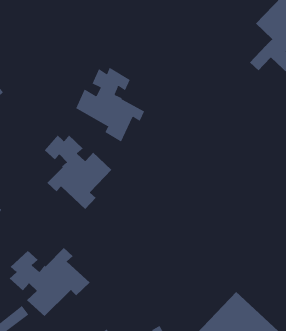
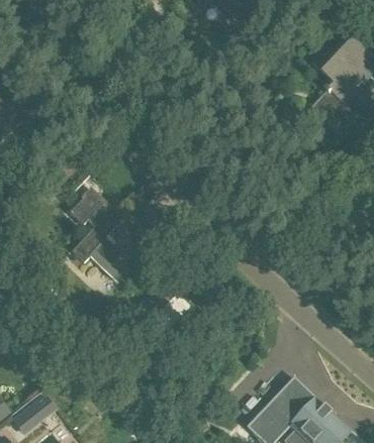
building: [75,67,145,143] -> none
building: [9,247,90,317] -> none

